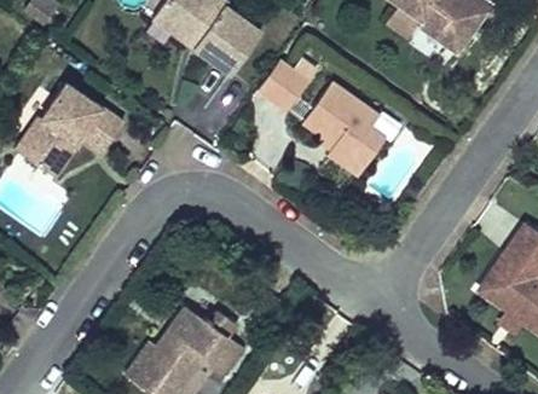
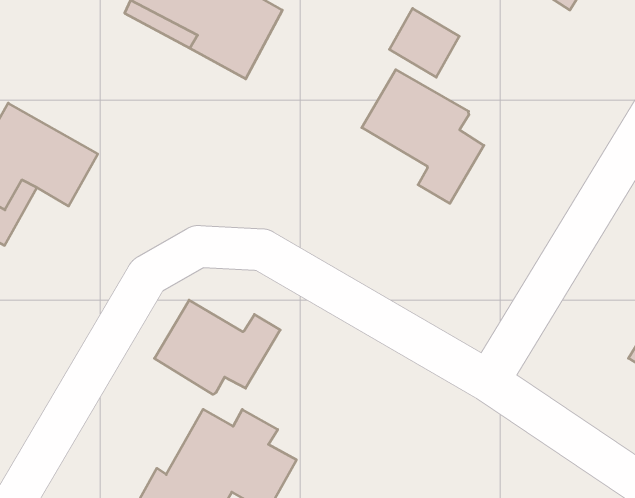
building: [259,62,307,110] -> [389,8,459,77]
building: none -> [154,300,280,394]

